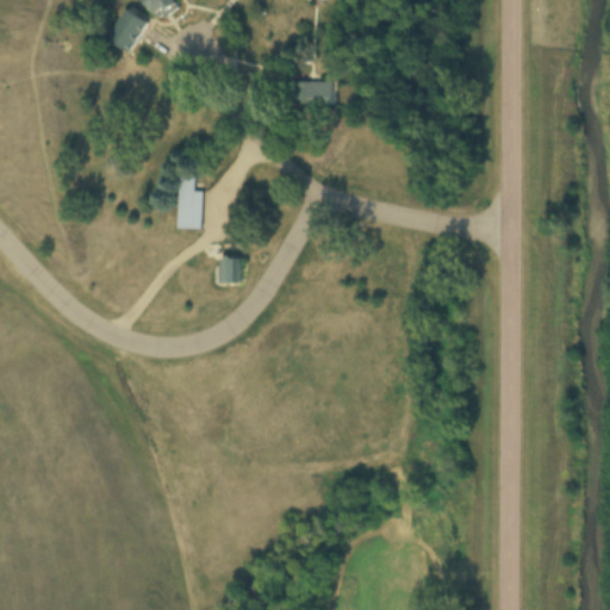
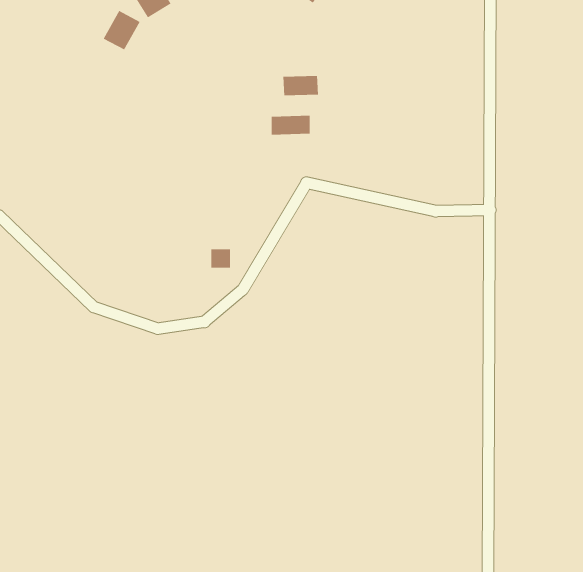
building: none -> [271,115,310,135]
building: [174,175,203,229] -> none

